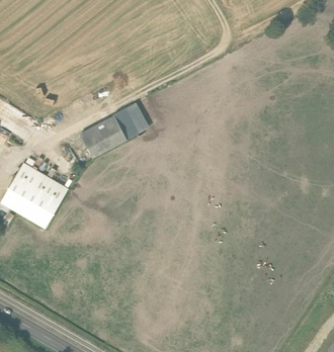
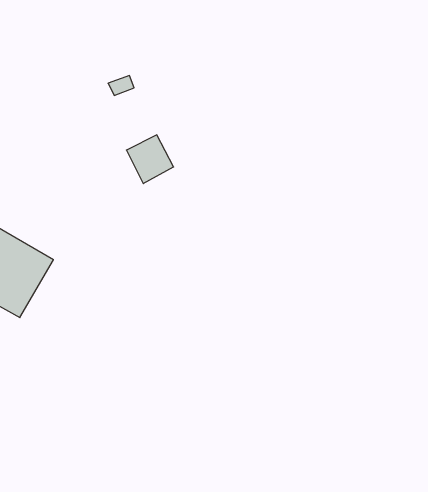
building: [81,115,128,156] -> none

